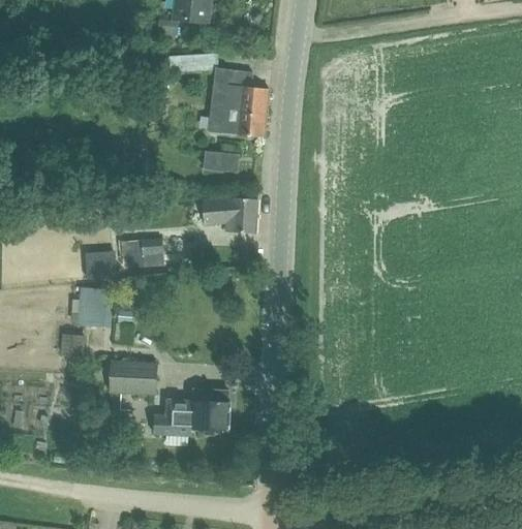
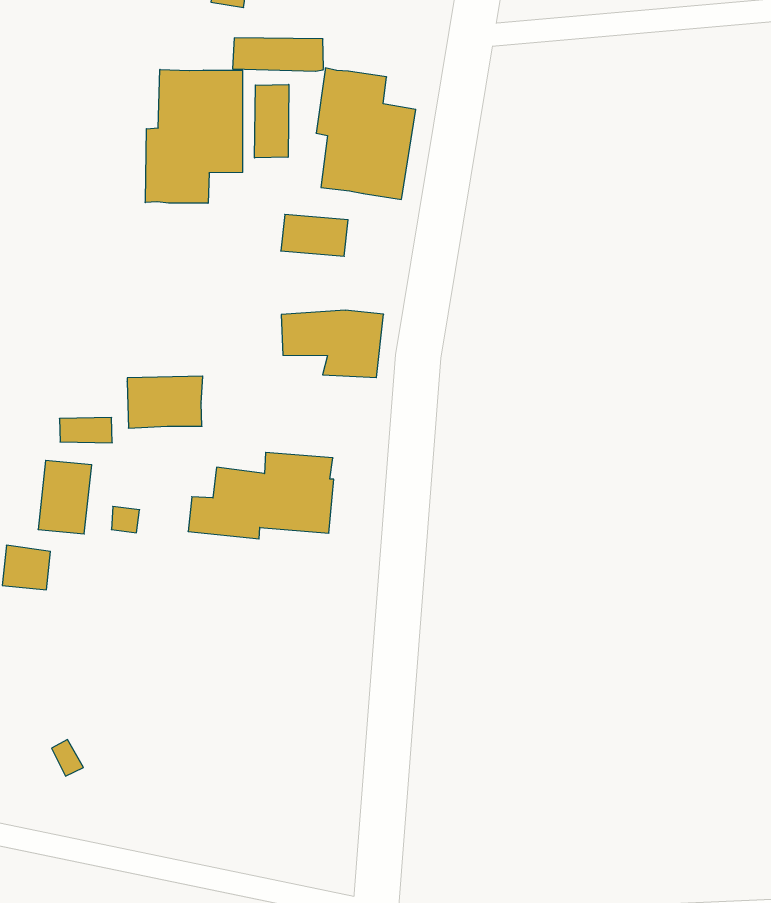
building: none -> [145,69,243,203]
building: none -> [255,84,289,158]
building: [110,361,156,392] -> none
building: [153,390,229,436] -> [188,452,334,539]

